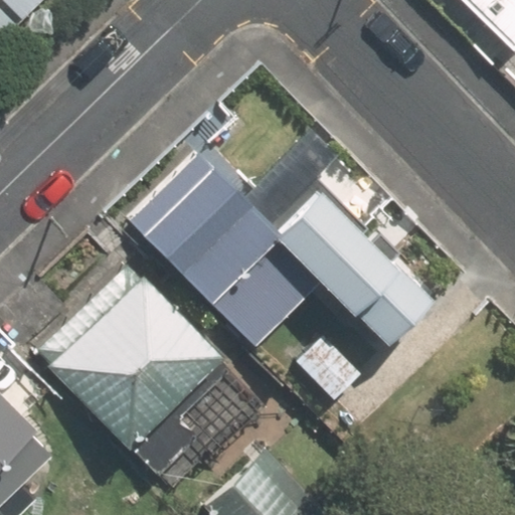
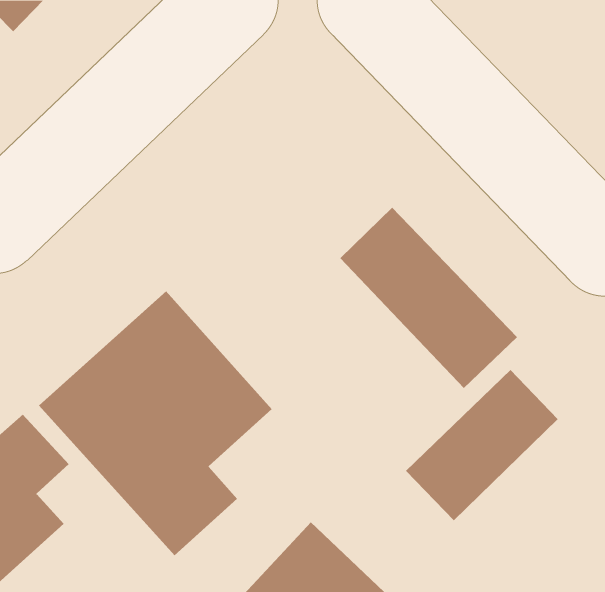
building: [130,156,290,348] -> none
building: none -> [405,369,558,521]

